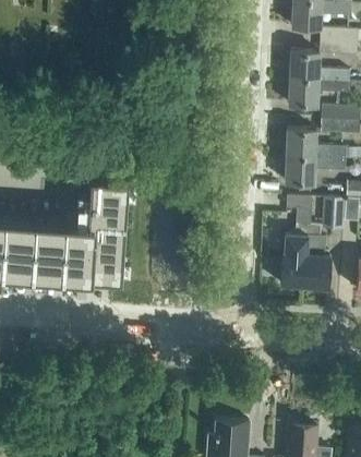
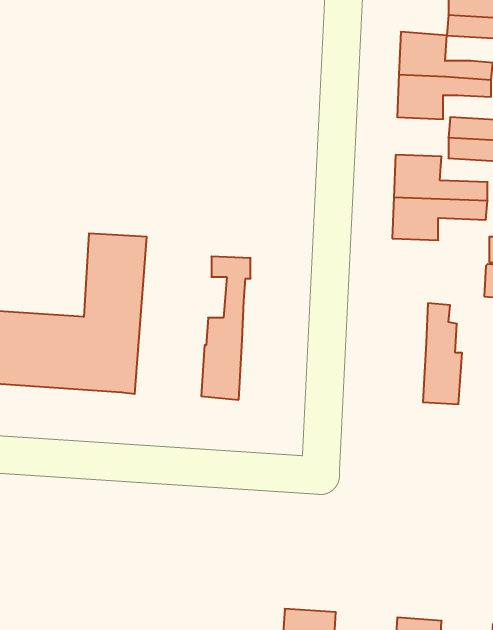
building: [280,197,312,289] -> [201,256,251,400]
building: [322,200,345,231] -> none

